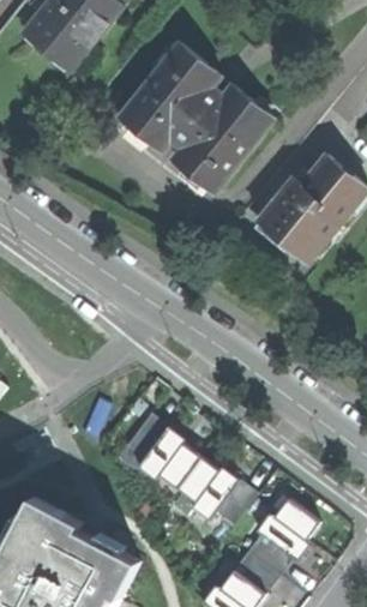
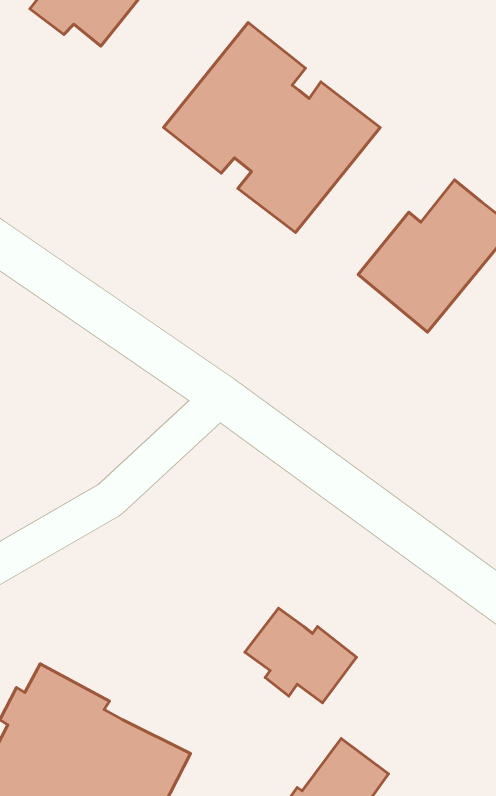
building: [125,413,200,489] -> none
building: [245,499,318,576] -> none

